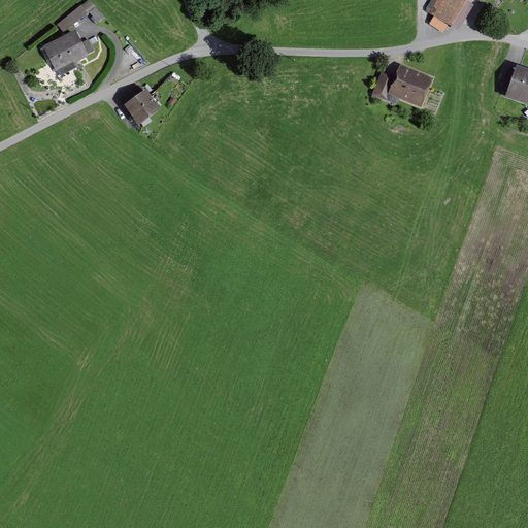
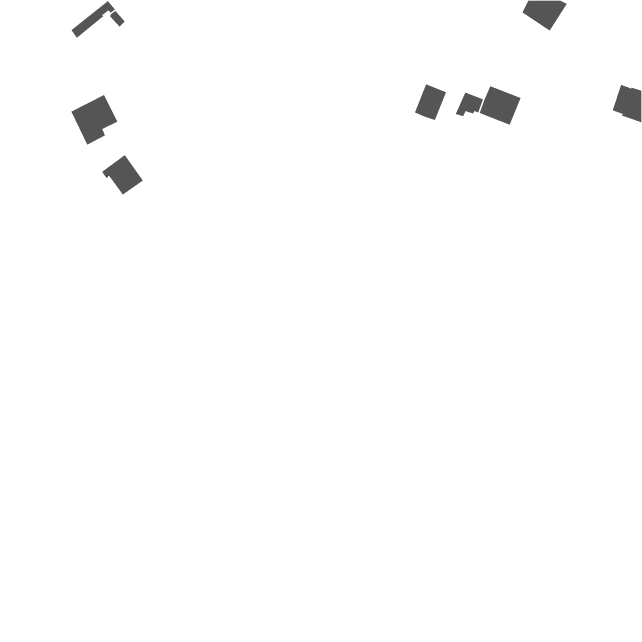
building: [46,33,86,75] -> [71,94,118,146]
building: none -> [414,84,447,121]
building: [122,88,157,122] -> [101,154,144,196]

